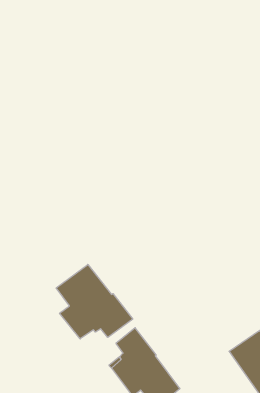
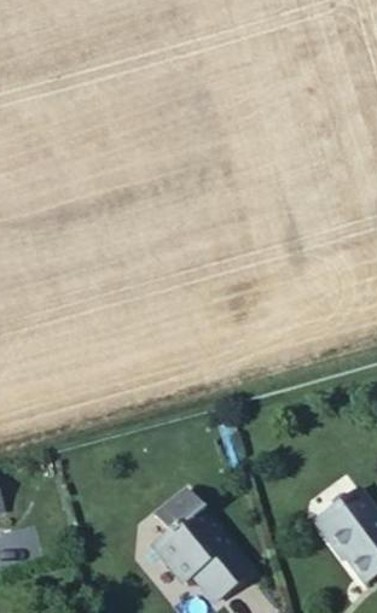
building: [56,264,133,339] -> none

